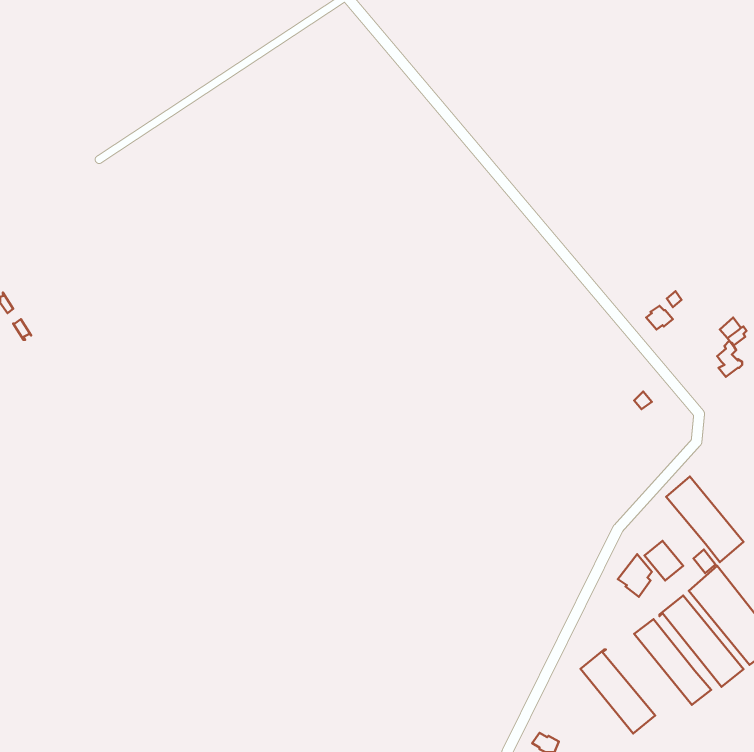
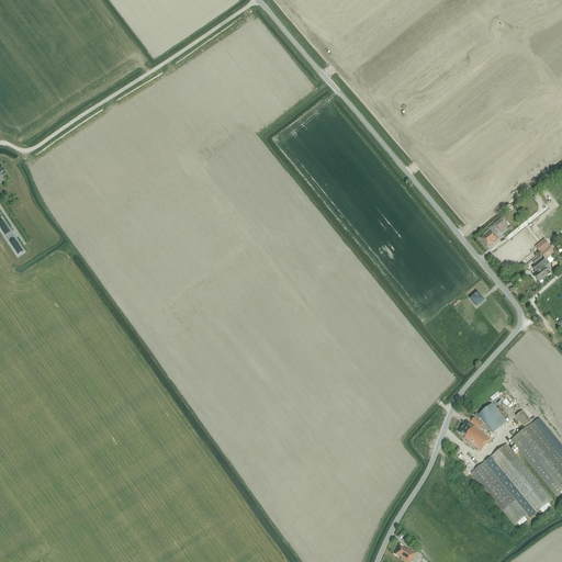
building: [666,477,744,562] -> none
building: [581,649,655,734] -> none

